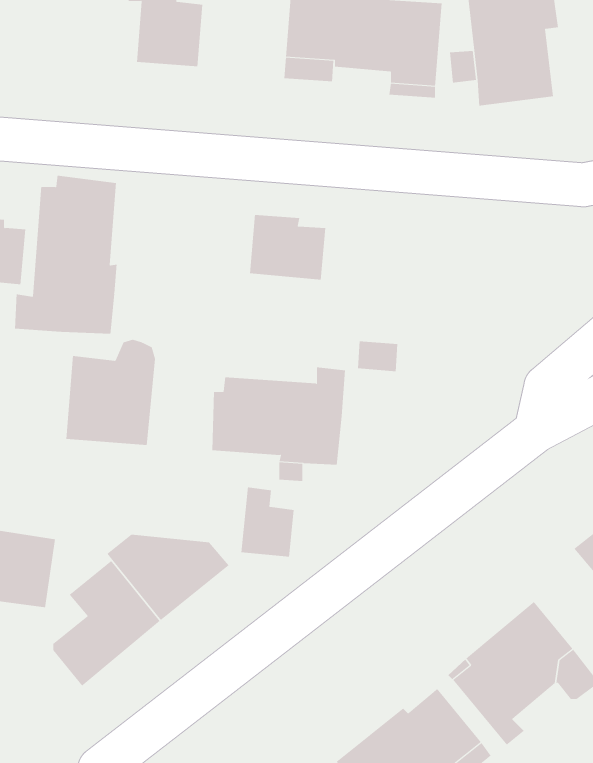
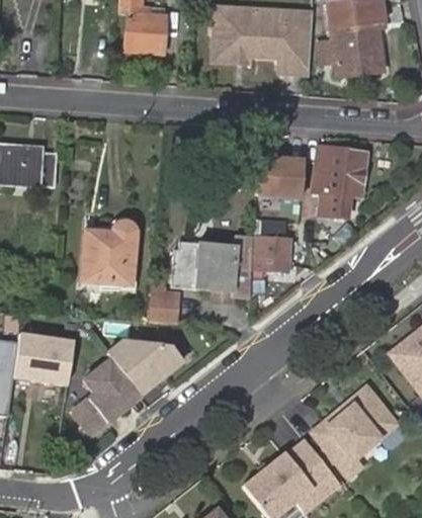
building: [14,175,117,335] -> none
building: [249,215,326,280] -> [256,159,304,199]
building: none -> [314,148,366,219]
building: none -> [251,239,287,271]
building: [241,487,295,557] -> [147,285,180,329]

